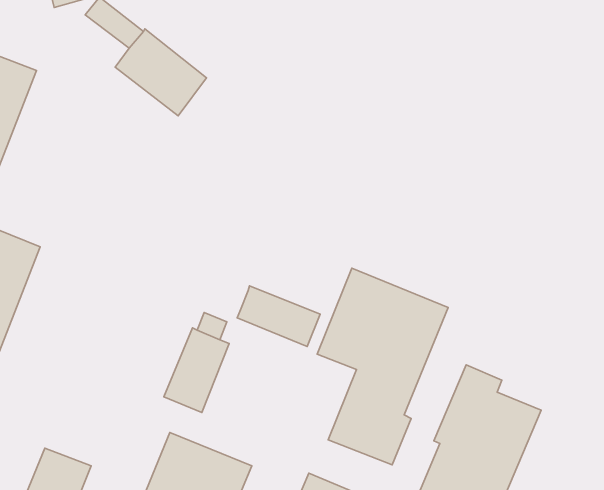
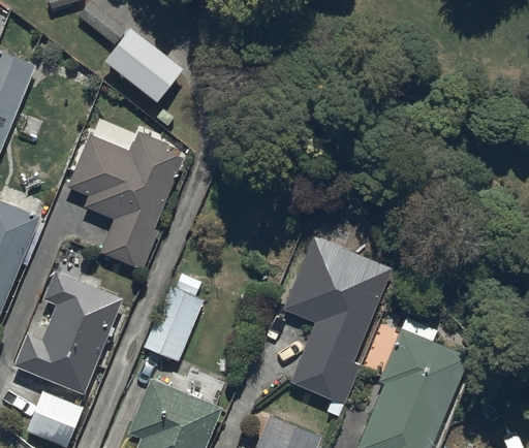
building: none -> [69,132,185,268]
building: [237,286,320,346] -> none
building: none -> [13,270,122,392]

